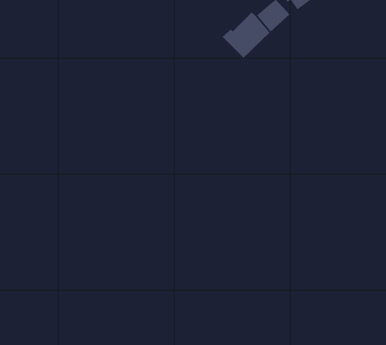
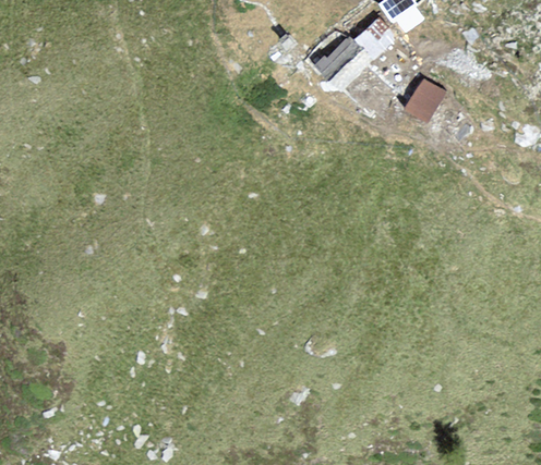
building: none -> [404,77,446,122]

